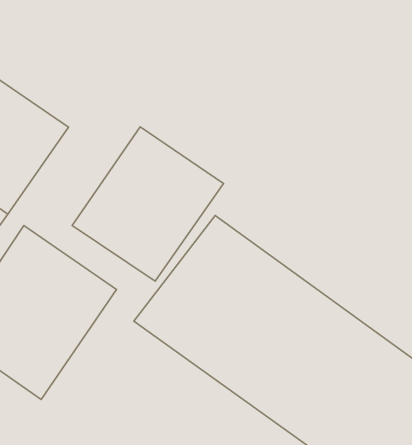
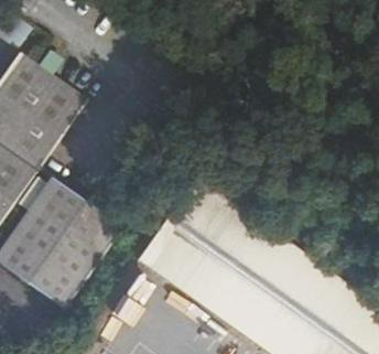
building: [72,127,223,281] -> none

